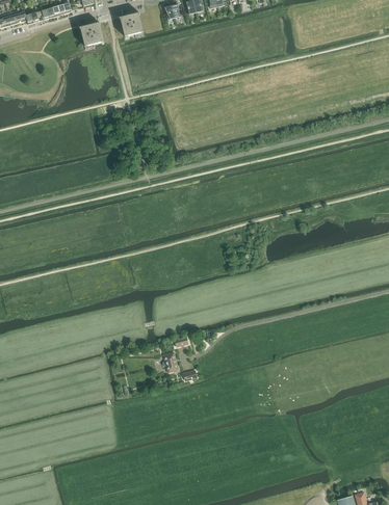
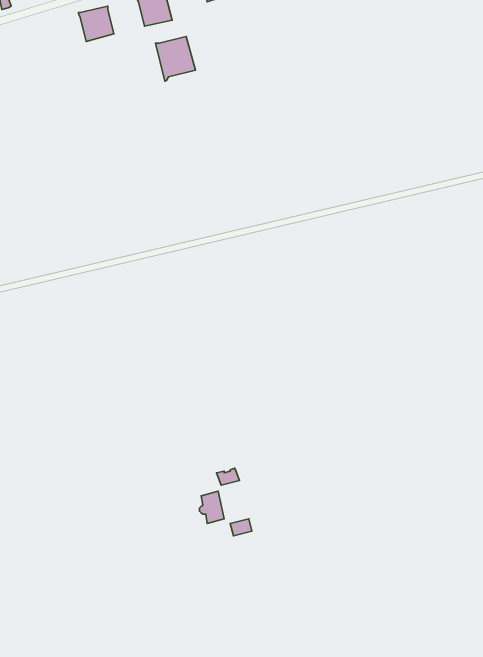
building: none -> [155,36,195,81]

